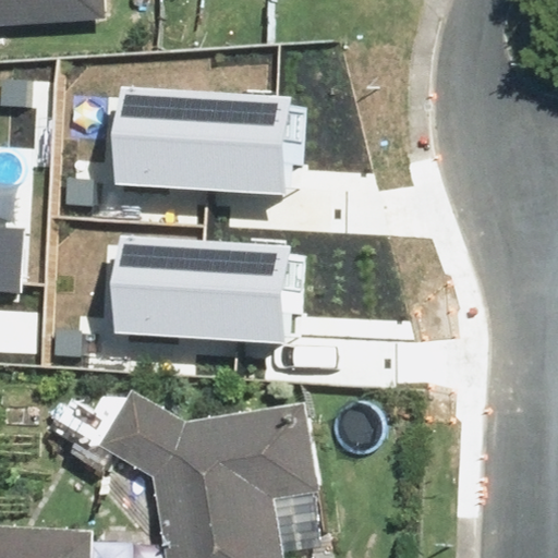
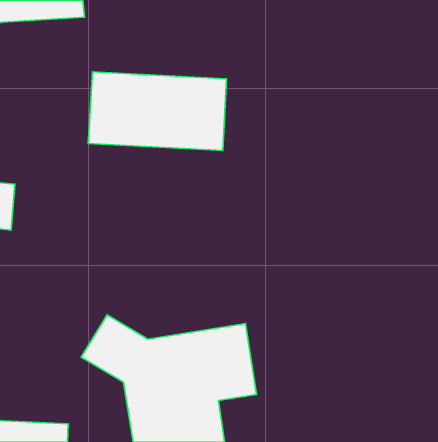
building: [116,241,290,340] -> none

